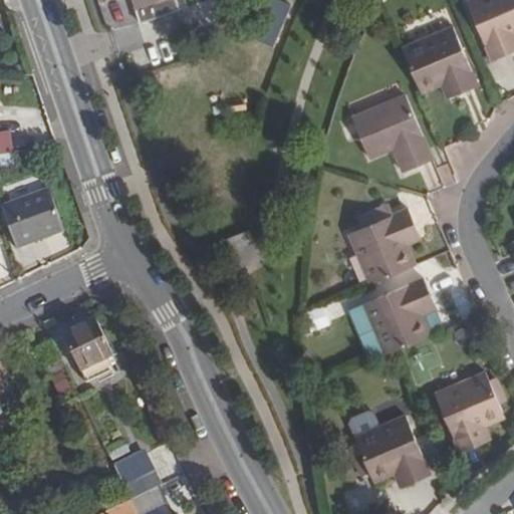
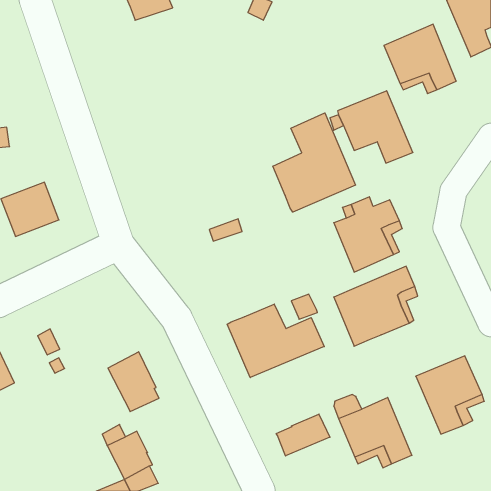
building: none -> [273,113,355,212]
building: none -> [227,304,324,378]
building: [63,318,116,380] -> [108,352,159,412]
building: none -> [276,414,330,456]

